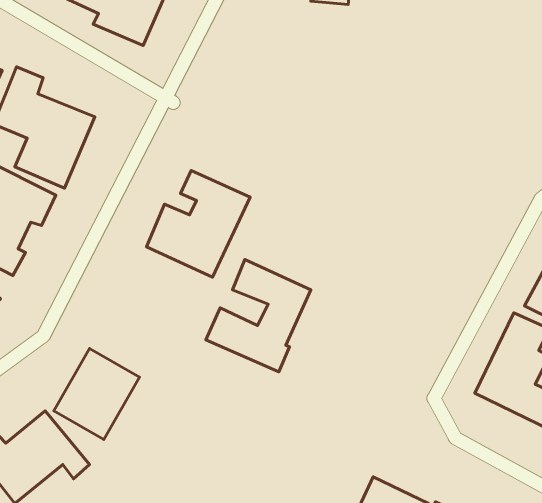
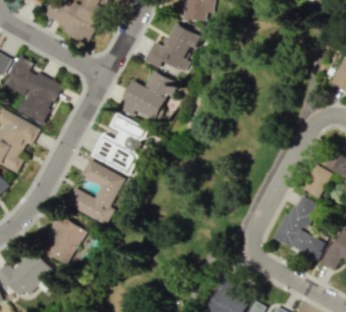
building: none -> [144,24,203,72]
building: none -> [119,70,181,120]
building: [206,260,311,372] -> [66,159,125,222]

